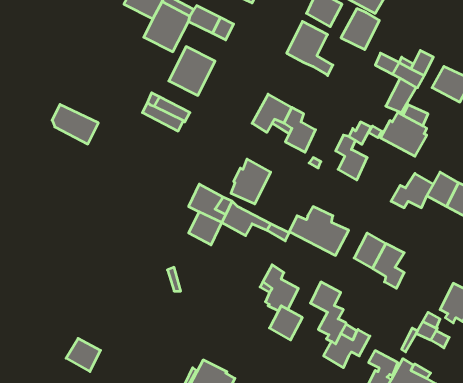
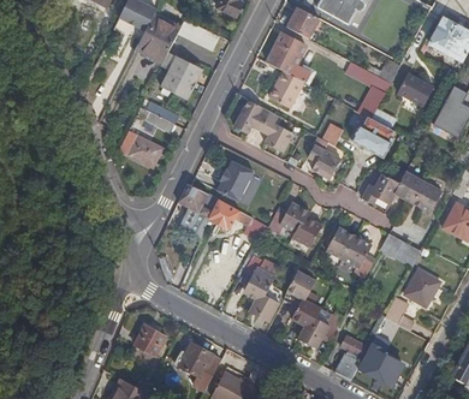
building: [341,9,379,50] -> [267,71,302,108]
building: [52,104,98,144] -> [119,132,161,168]
building: none -> [380,232,421,266]
building: [66,338,101,372] -> [133,323,165,353]

